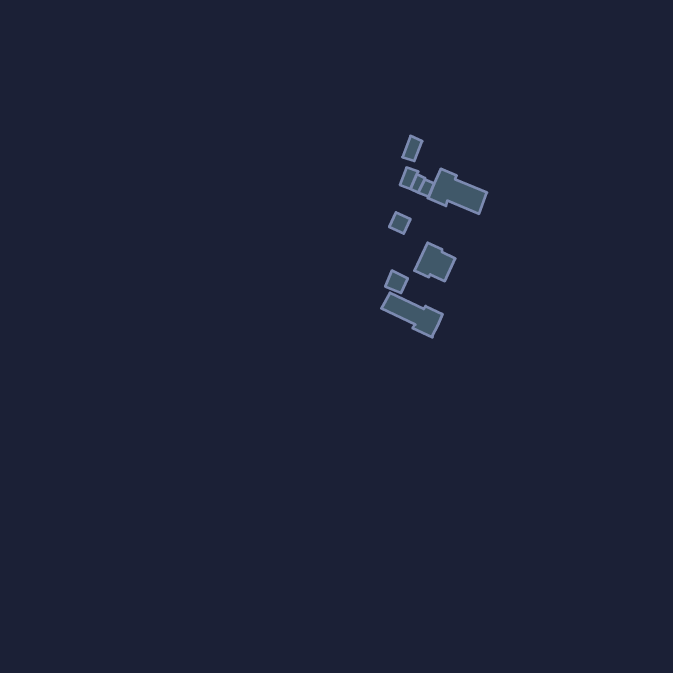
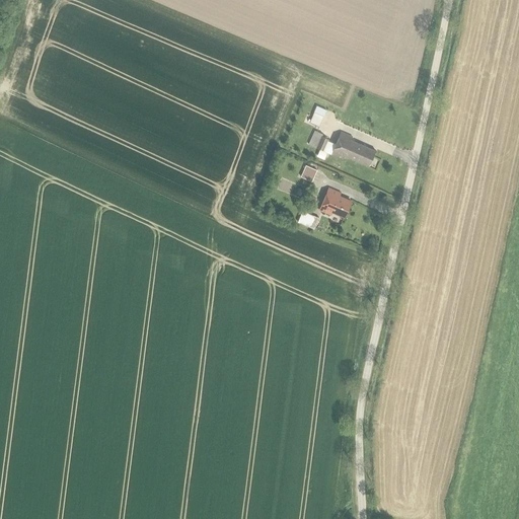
building: [381,293,442,337] -> none

